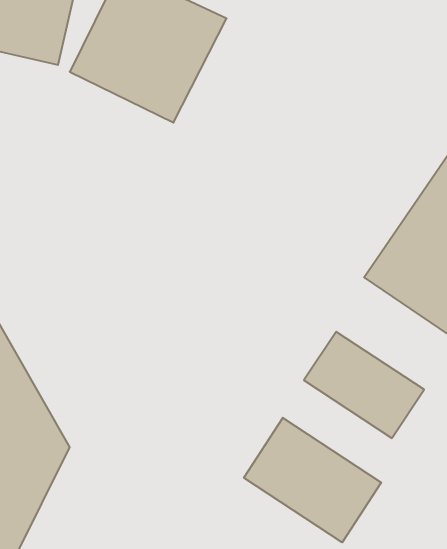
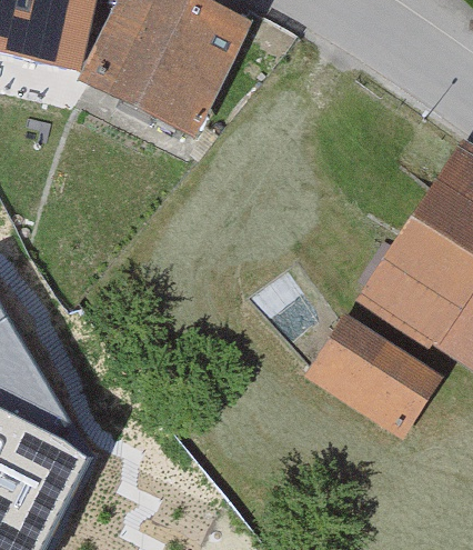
building: [244,418,381,542] -> none

